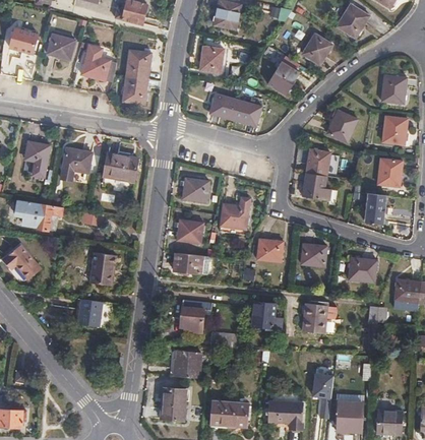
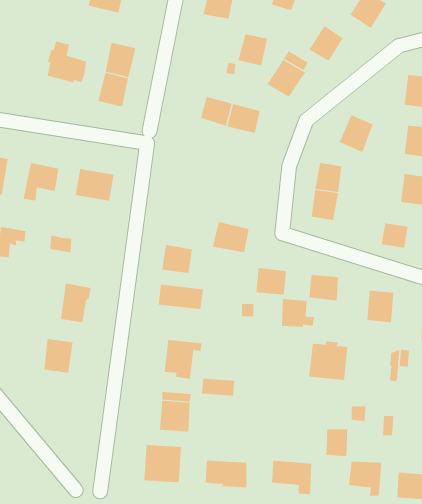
building: [47,35,74,61] -> none
building: [197,45,223,72] -> [238,34,268,66]
building: [182,177,208,201] -> none
building: [253,302,282,326] -> [281,298,315,327]

